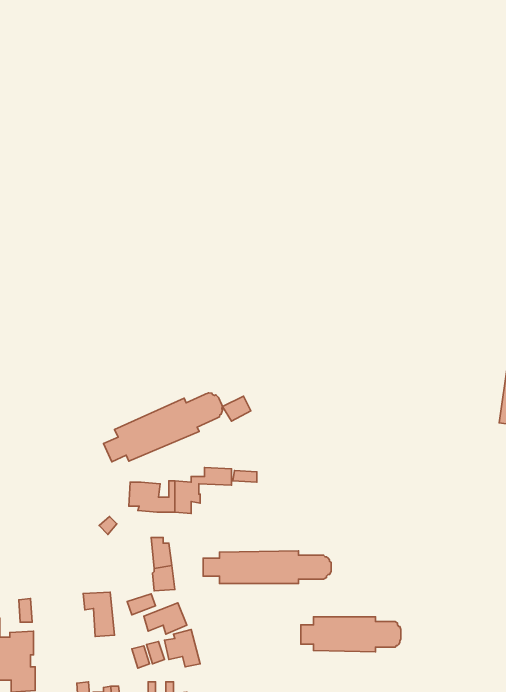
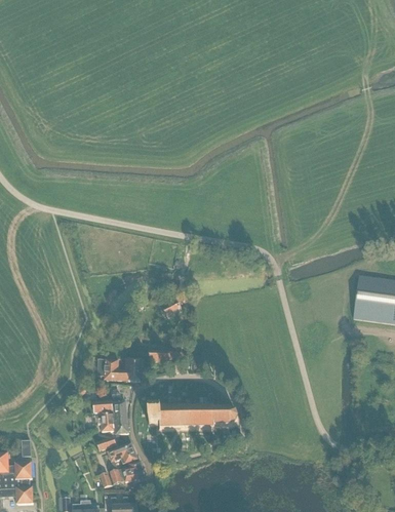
building: [104,393,223,462] -> none
building: [83,592,114,637] -> [92,400,114,431]
building: [301,617,401,652] -> none

